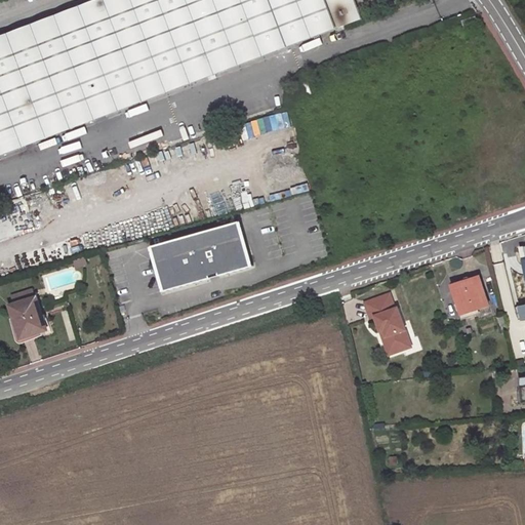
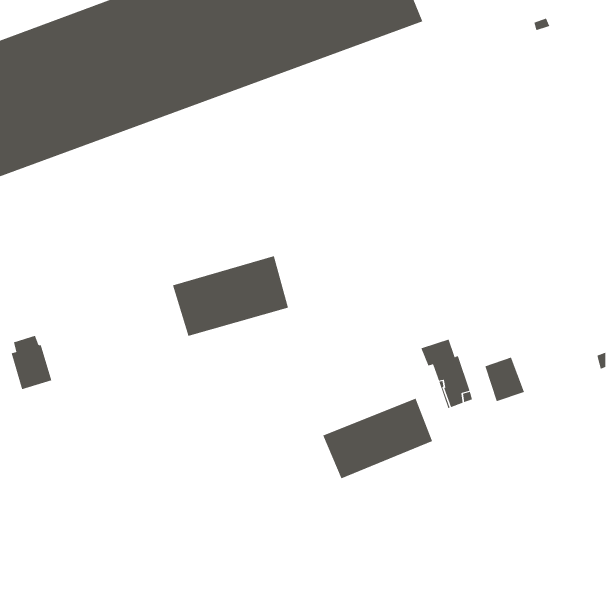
building: [450,272,485,311] -> [484,357,525,402]
building: none -> [323,398,433,479]

